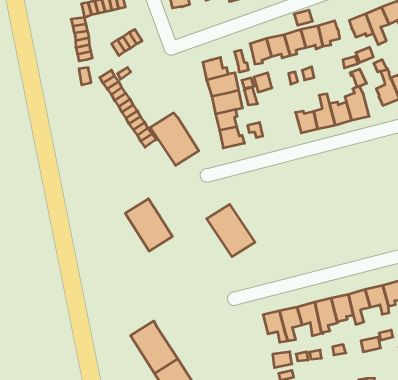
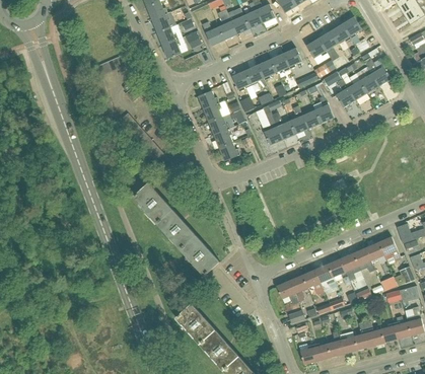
building: none -> [262,105,283,145]
building: [150,113,199,165] -> [132,182,172,223]
building: [207,204,255,257] -> [180,235,220,276]

